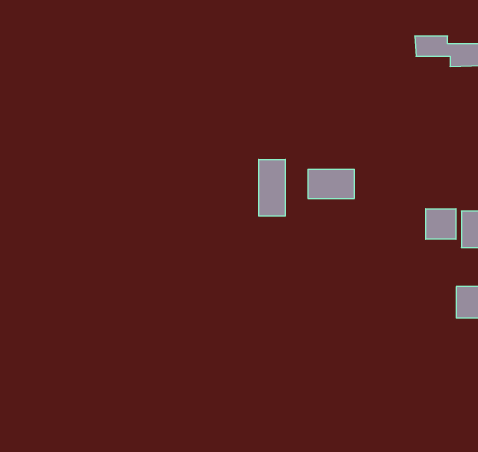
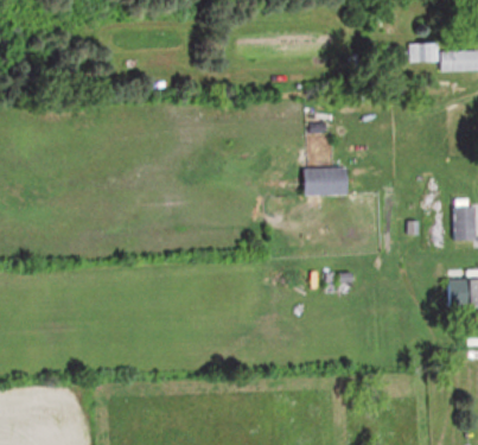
building: [259,159,285,216] -> none
building: [426,209,456,239] -> none

